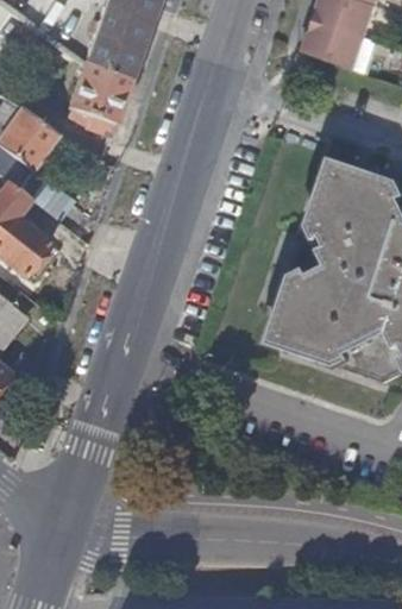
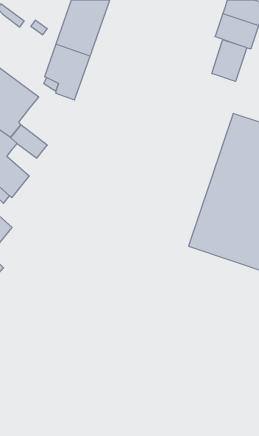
building: none -> [212,40,247,81]

